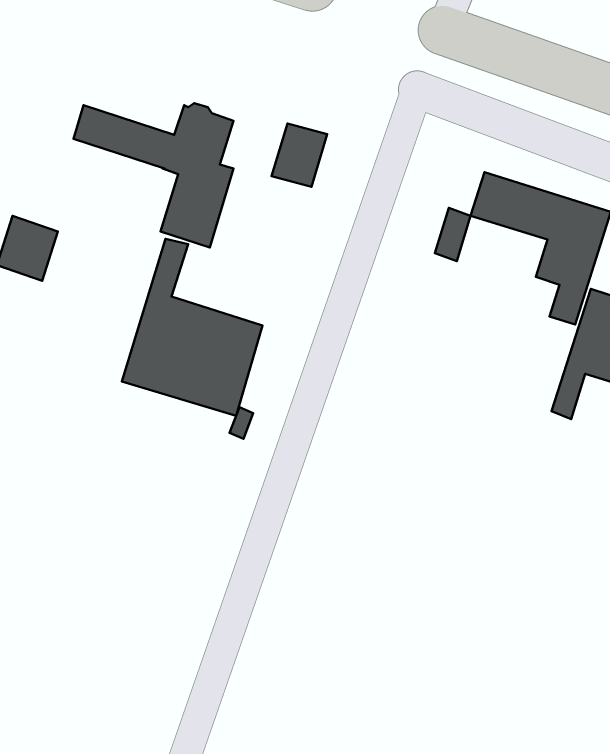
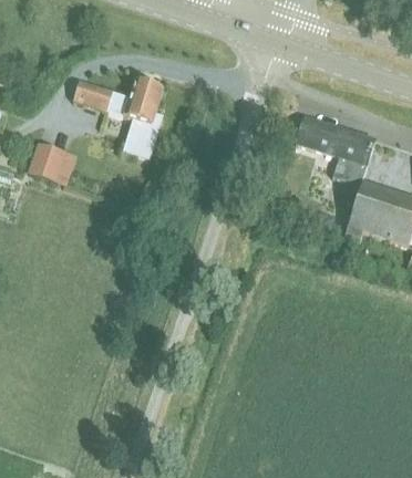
building: [272,123,327,187] -> none
building: [122,239,263,416] -> none

